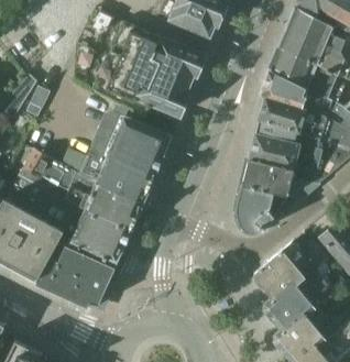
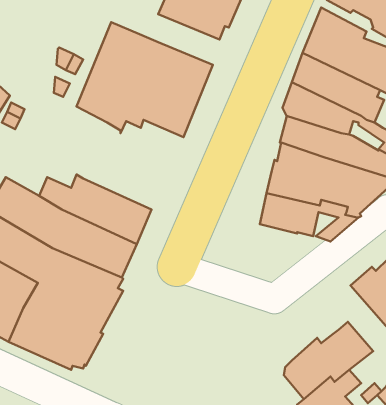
building: [91,105,172,176] -> none
building: [239,188,274,232] -> none
building: [252,243,309,300] -> none

